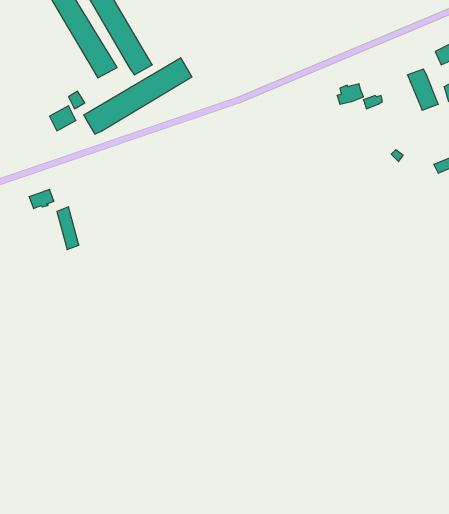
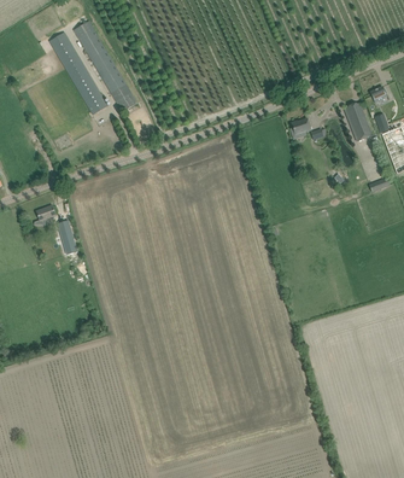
building: [84,58,192,134] -> none

